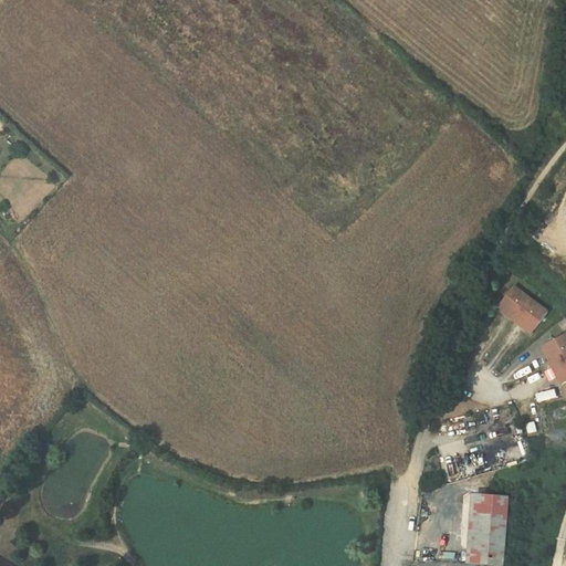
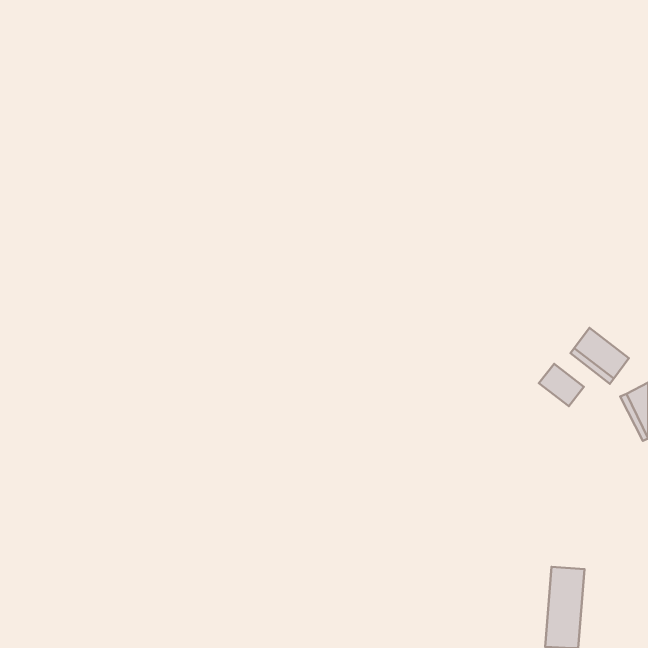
building: none -> [539,364,584,406]

